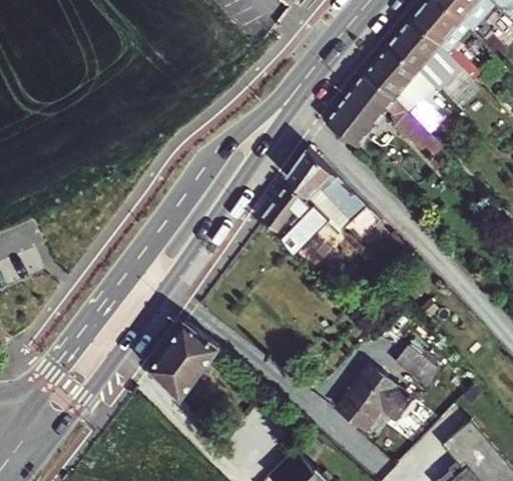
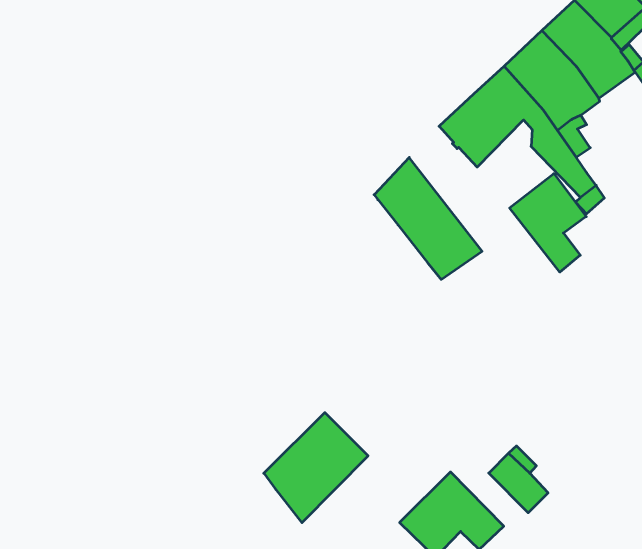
building: none -> [510,174,586,272]
building: [259,184,330,256] -> none
building: [147,322,219,402] -> [264,413,368,523]

